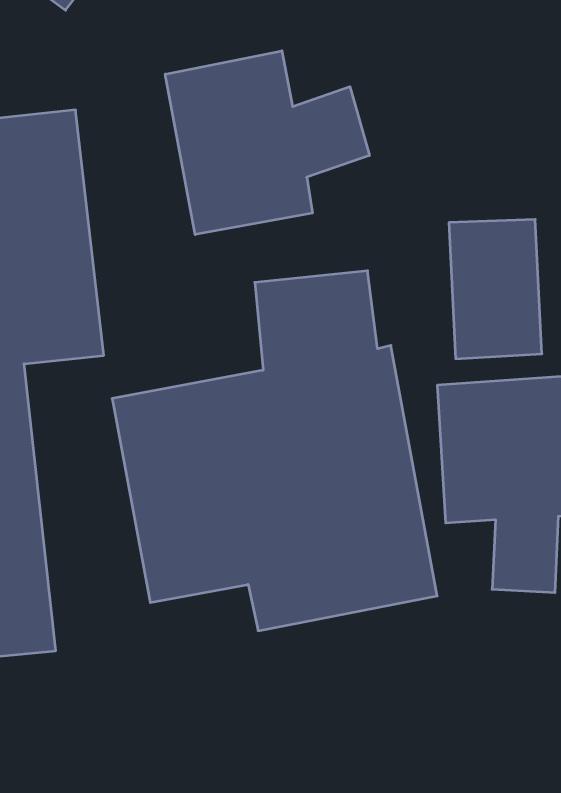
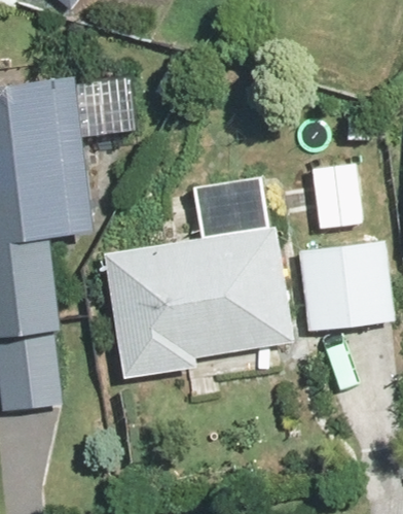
building: [165,51,369,235] -> none

